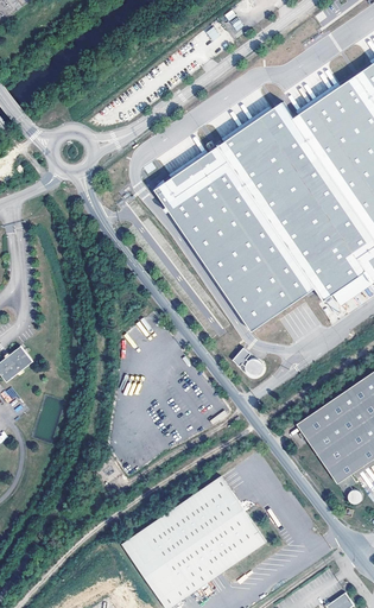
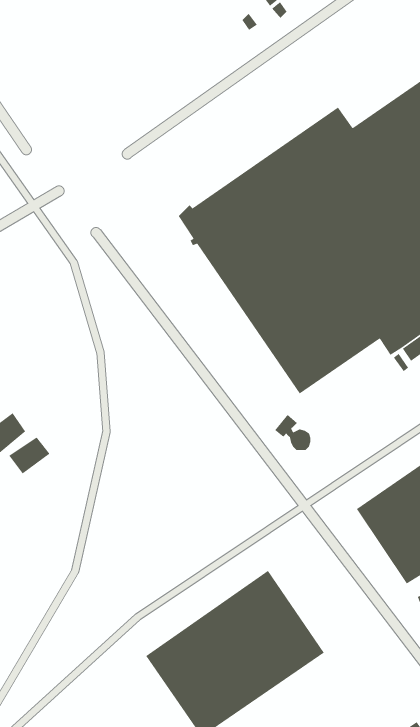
building: none -> [8,437,50,475]

